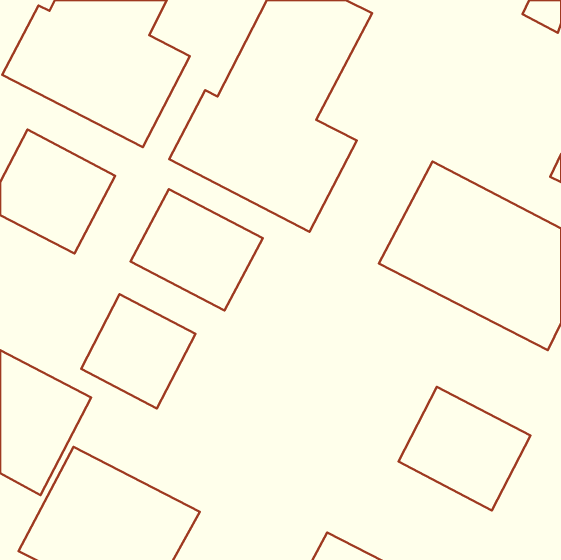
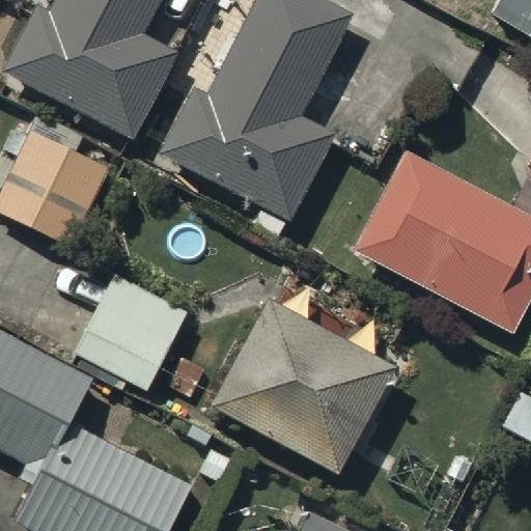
building: [131,189,263,310] -> none
building: none -> [209,297,392,468]
building: [398,387,530,510] -> none

